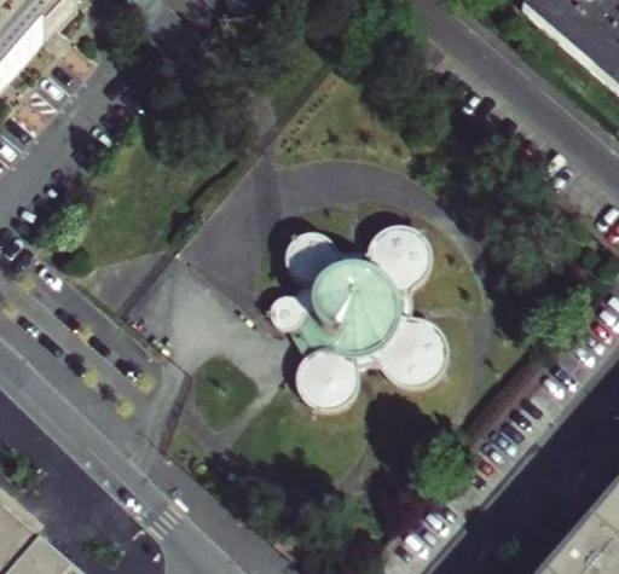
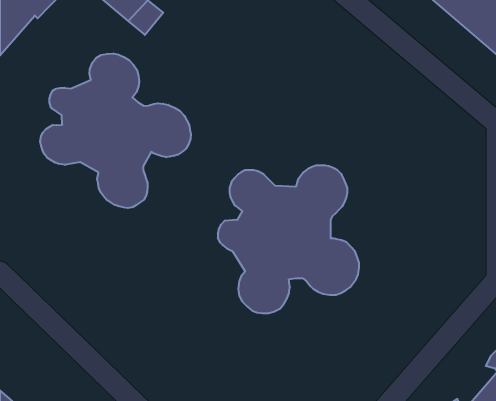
building: none -> [40,53,191,208]

